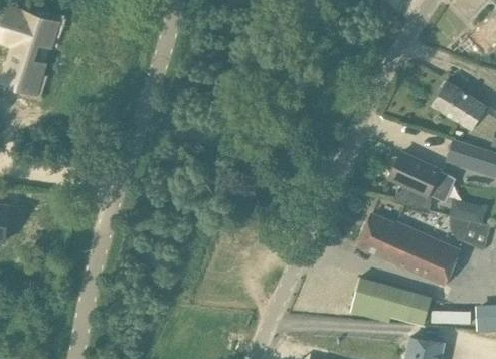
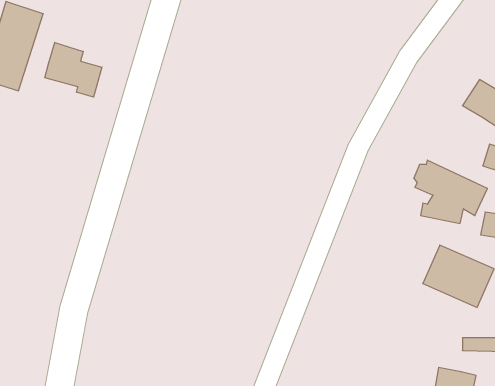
building: none -> [45,42,102,97]
building: [358,215,411,263] -> none
building: [347,275,432,329] -> none

